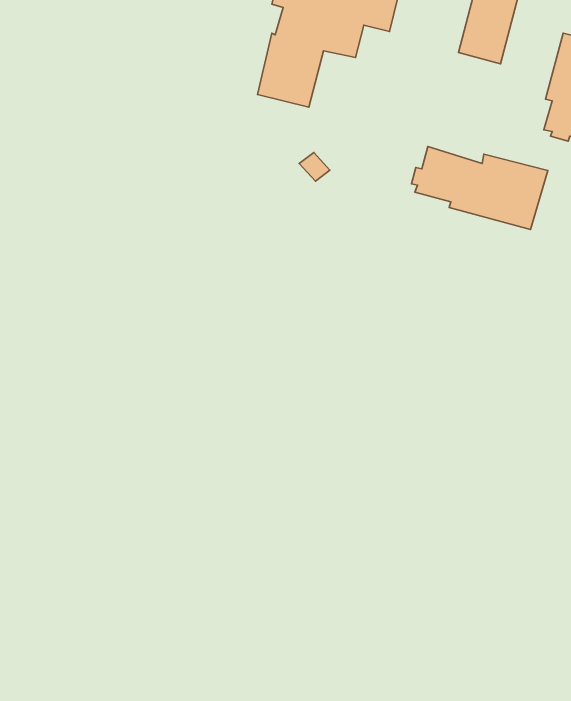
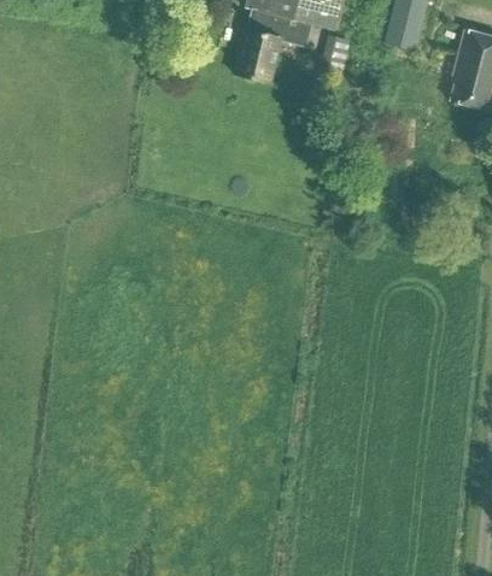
building: [411,147,548,229] -> none

